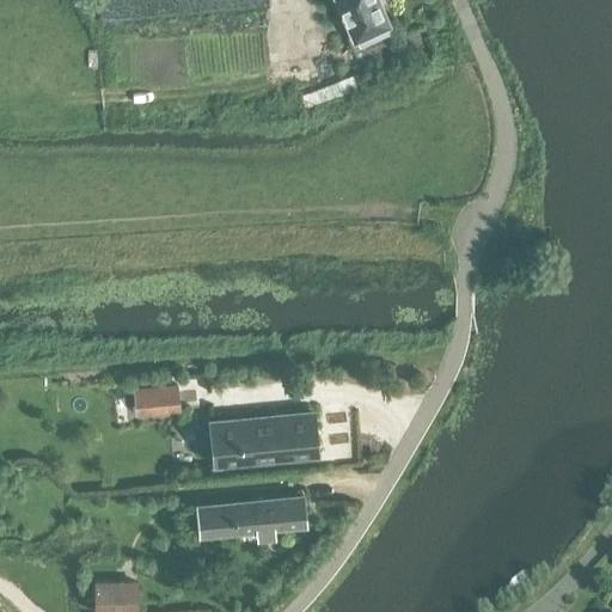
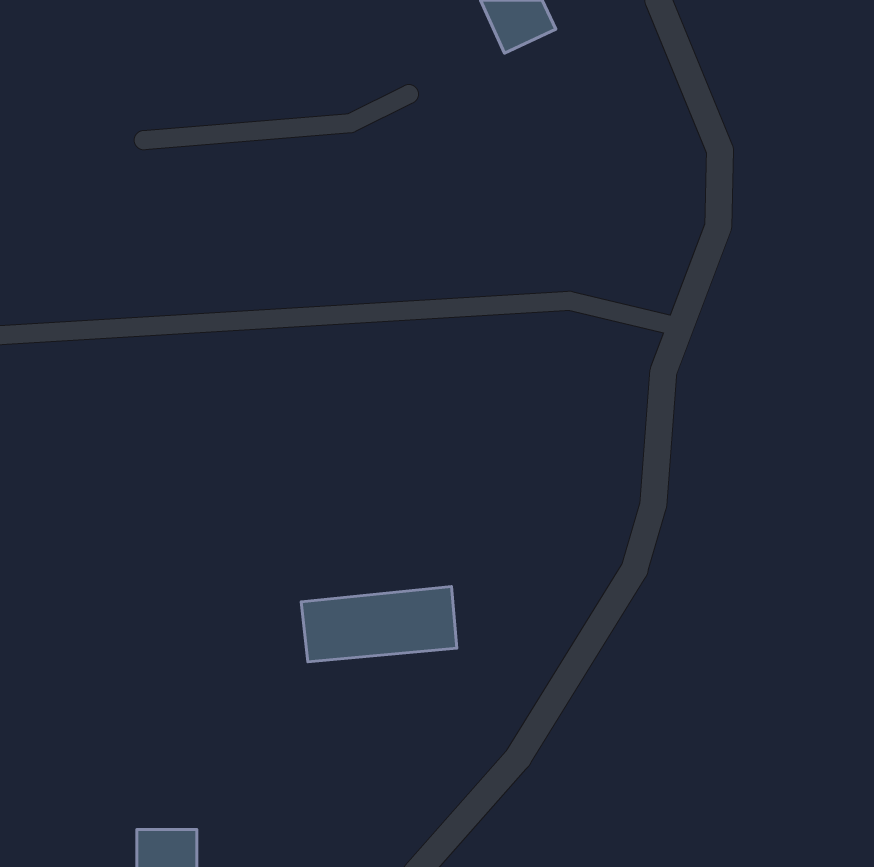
building: [133,387,180,418] -> none
building: [198,497,306,541] -> none

